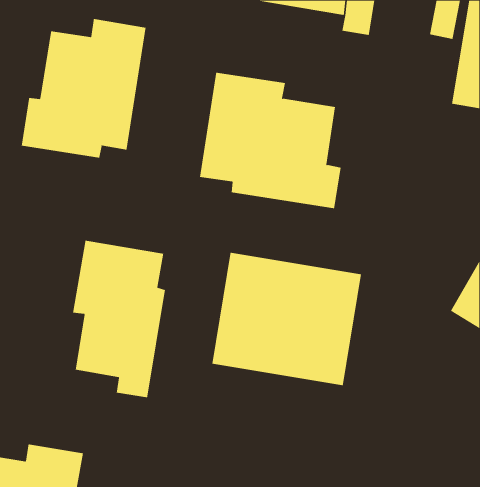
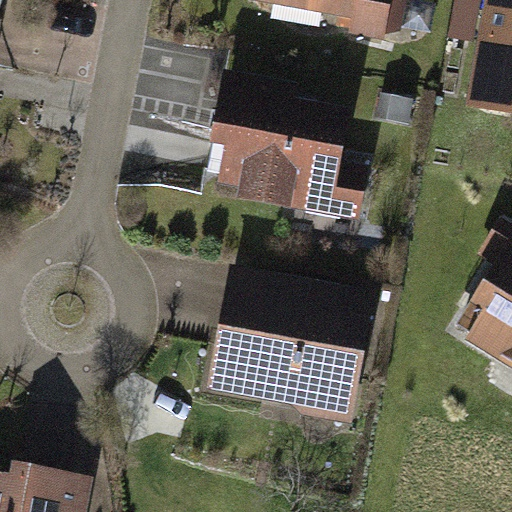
building: [21,18,146,158] -> none
building: [72,240,166,398] -> none

